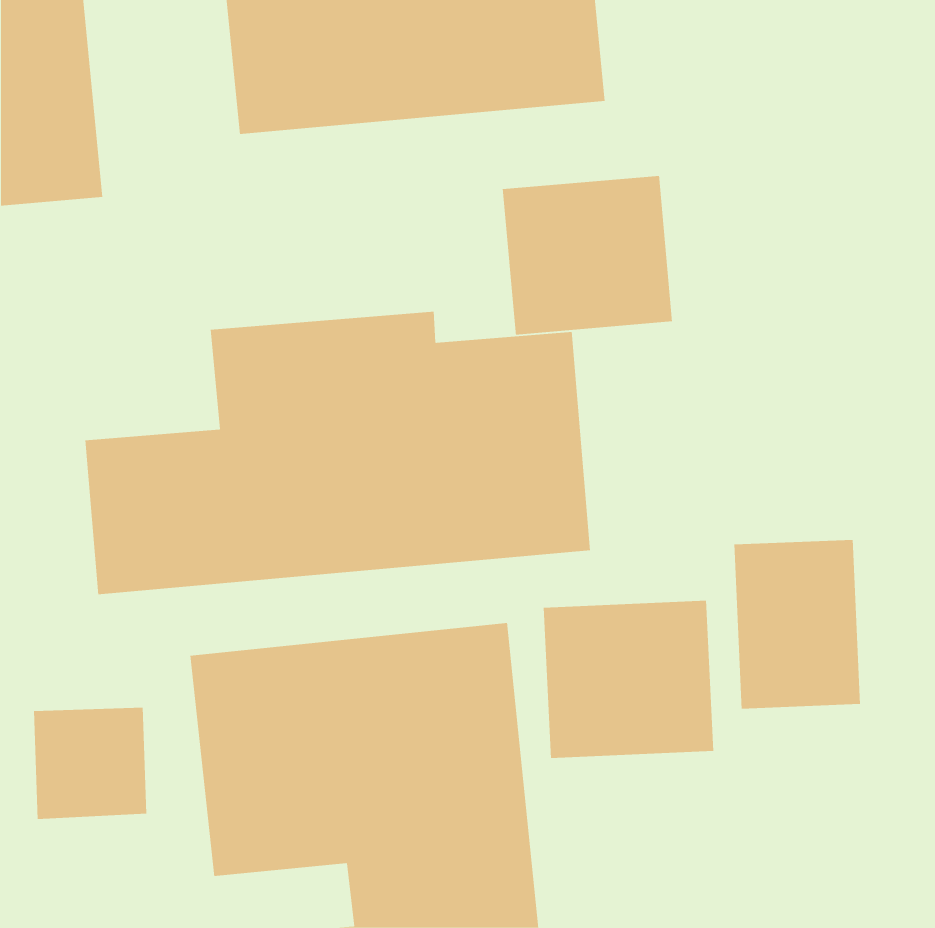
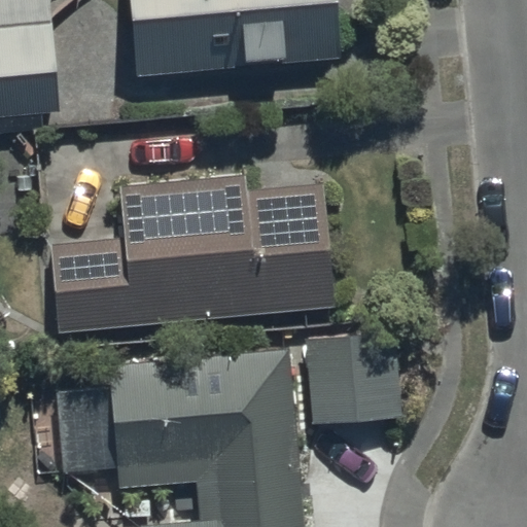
building: [502,175,673,336] -> none
building: [734,539,860,709] -> none

